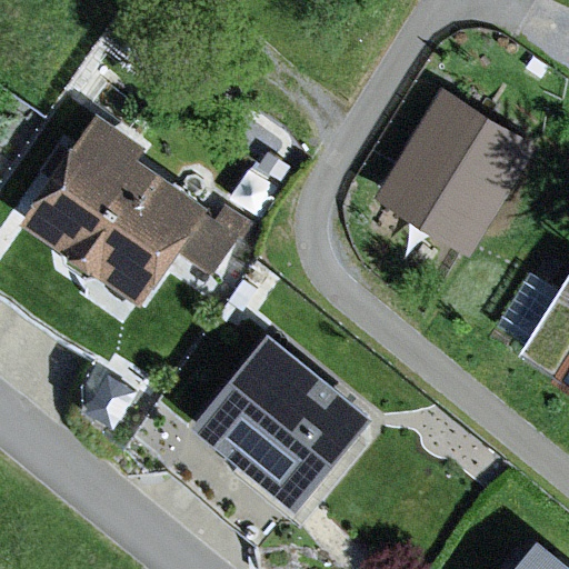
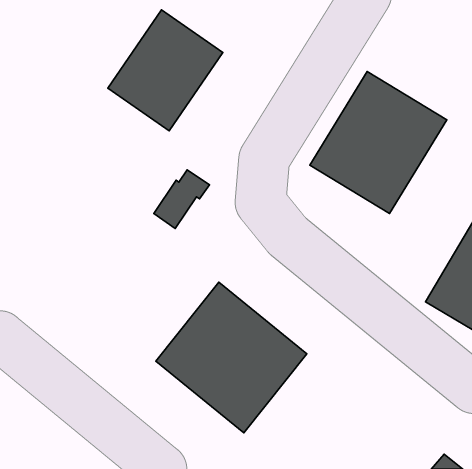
building: none -> [108,10,223,131]
building: [19,114,208,308] -> none

